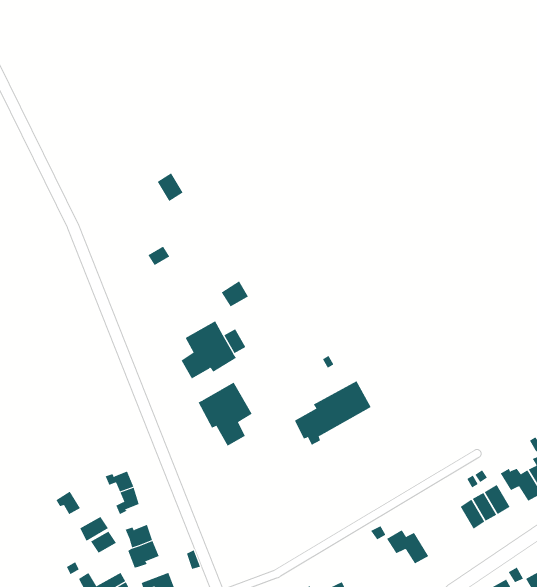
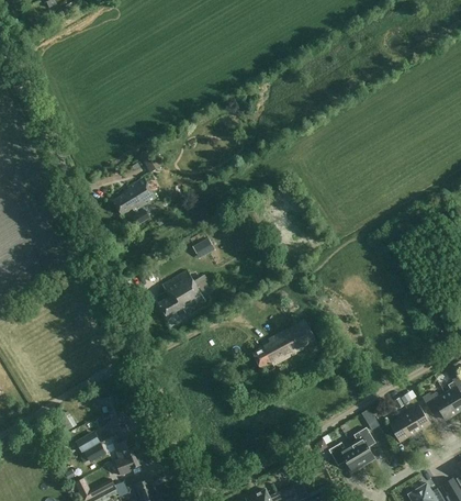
building: none -> [112,178,155,215]
building: [198,382,253,446] -> none
building: none -> [350,427,374,465]

